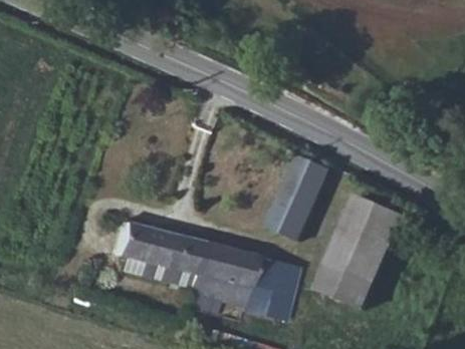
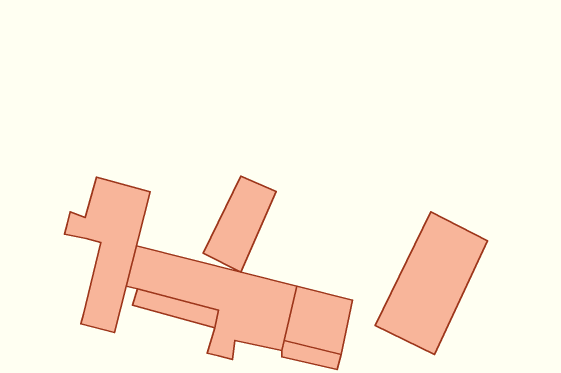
building: [267,156,325,233] -> [203,176,276,272]
building: none -> [65,177,150,332]

